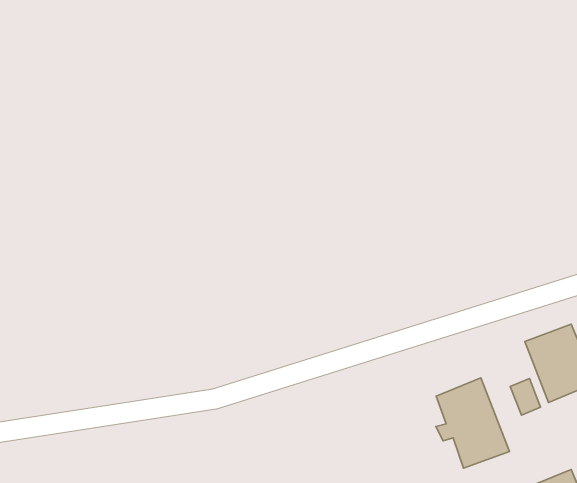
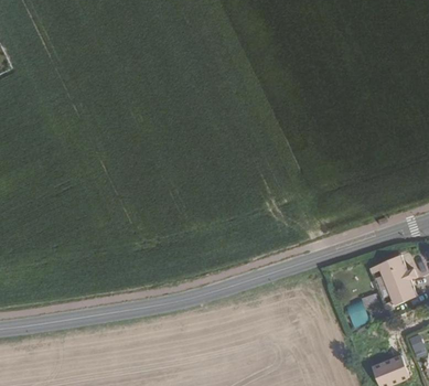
building: [436,378,509,468] -> none

